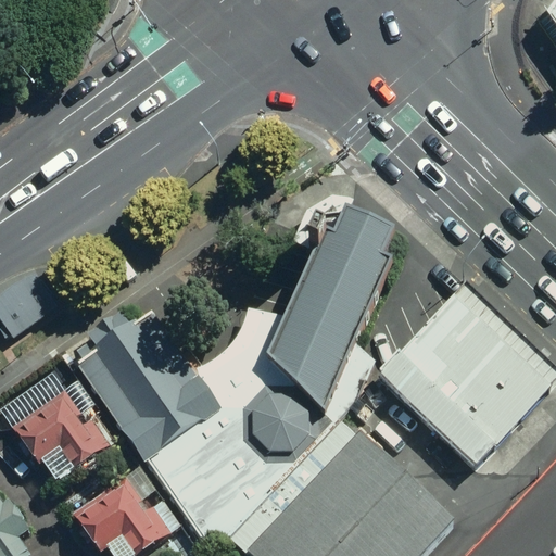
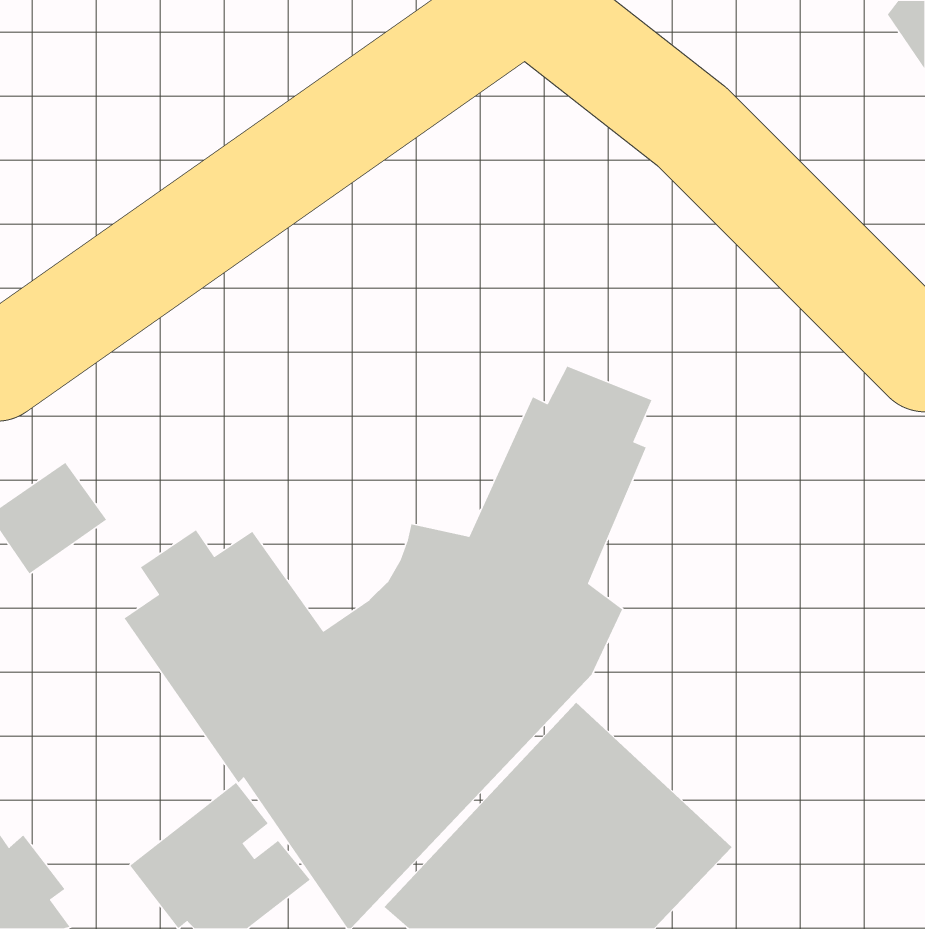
building: [368,279,542,450] -> none
building: [13,390,115,482] -> none

